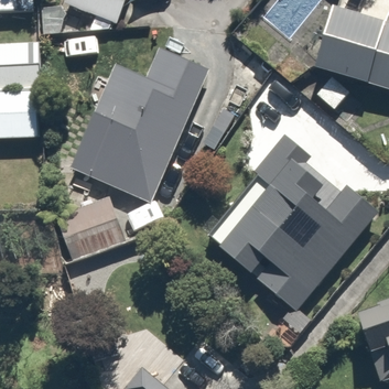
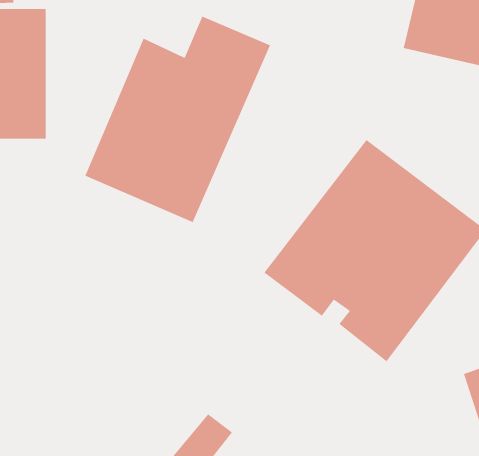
building: [58,194,121,253] -> none

